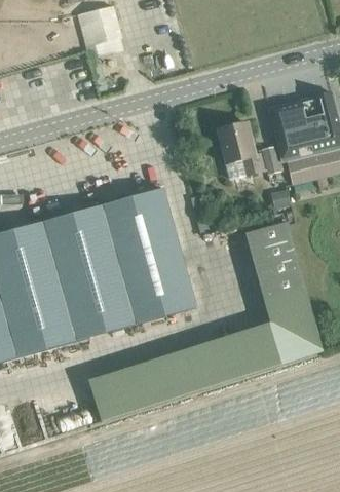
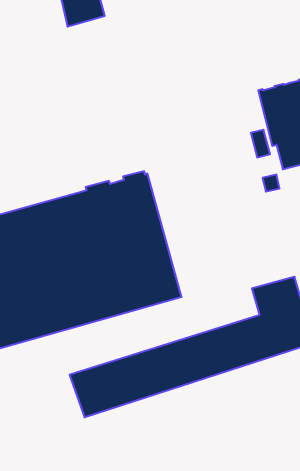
building: [218,122,263,178] -> none
building: [244,221,304,299] -> none

